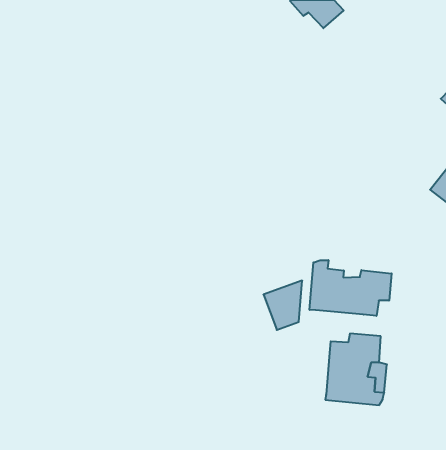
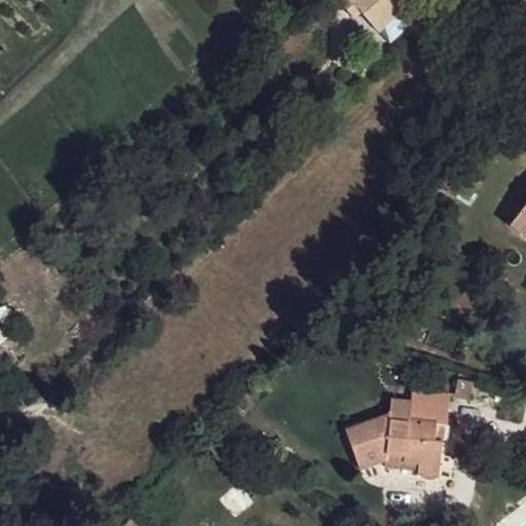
building: [310,260,392,316] -> none
building: [263,281,302,330] -> [344,412,389,469]

